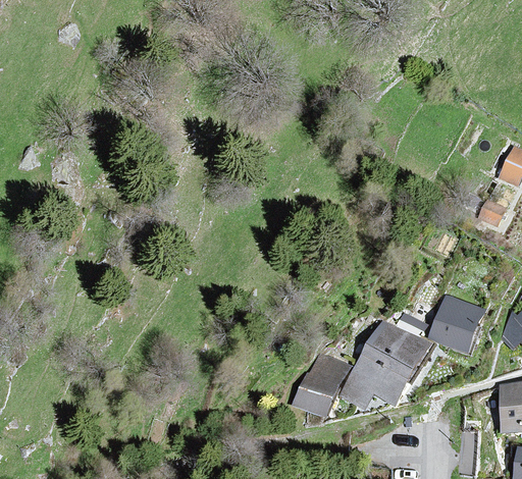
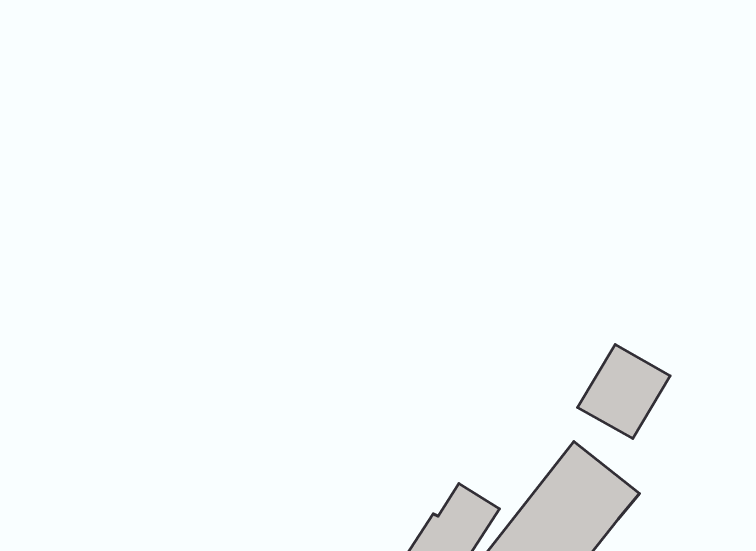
building: [431,297,483,351] -> [577,345,670,439]

